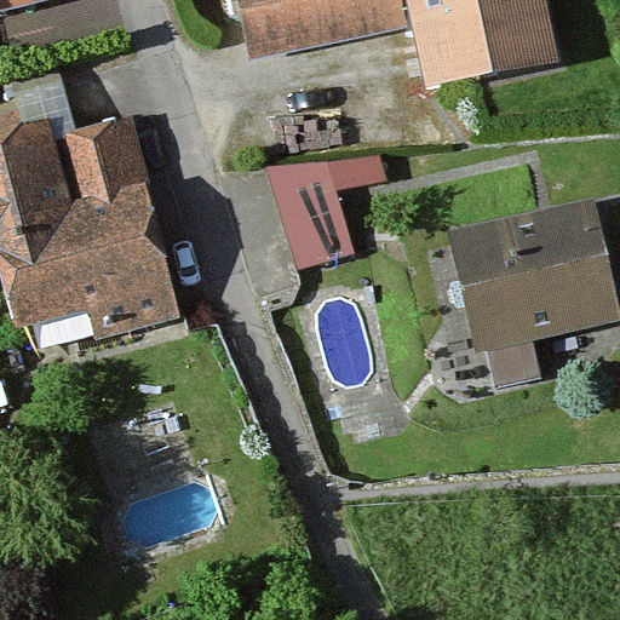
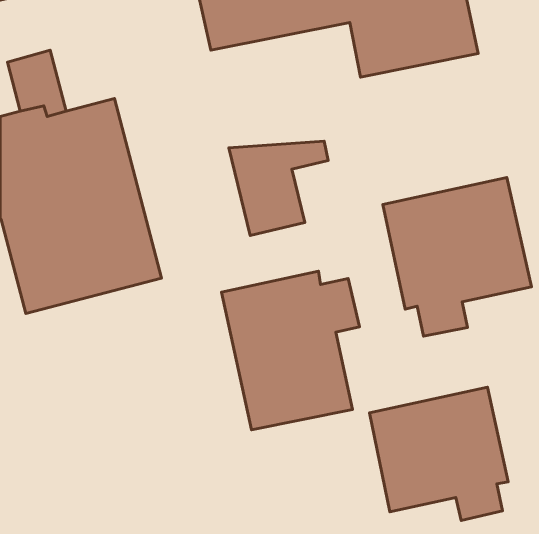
building: none -> [222,271,359,430]
building: none -> [369,387,508,521]

